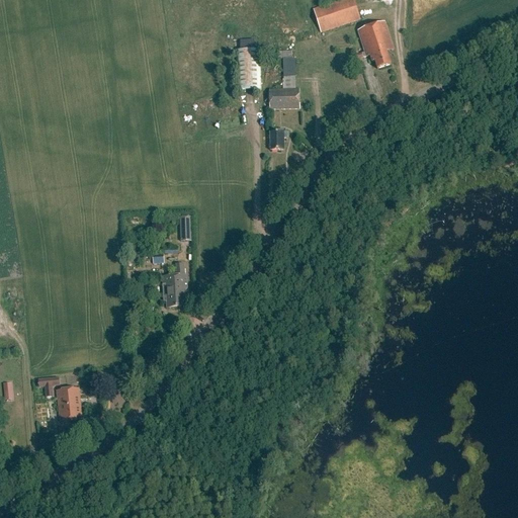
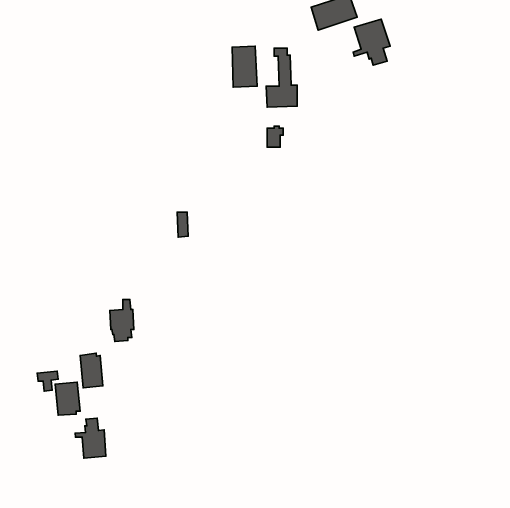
building: [163,263,187,306] -> [110,299,134,341]
building: none -> [80,353,103,388]
building: none -> [75,418,106,458]

